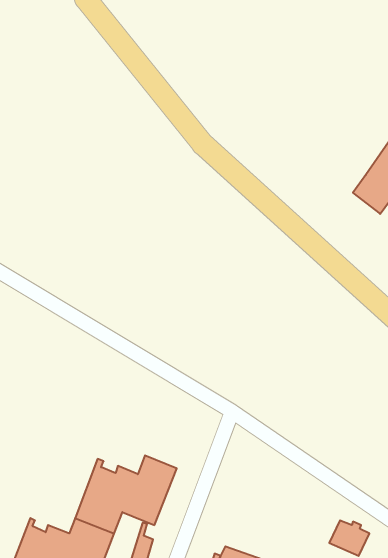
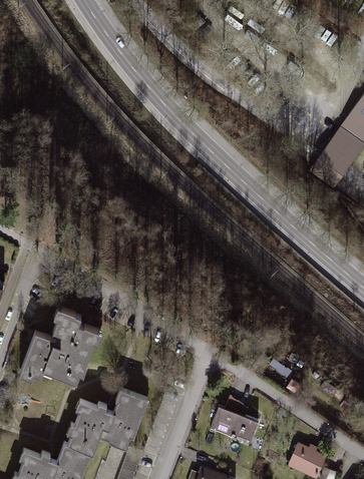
building: none -> [17,307,99,381]
building: none -> [210,398,256,440]

